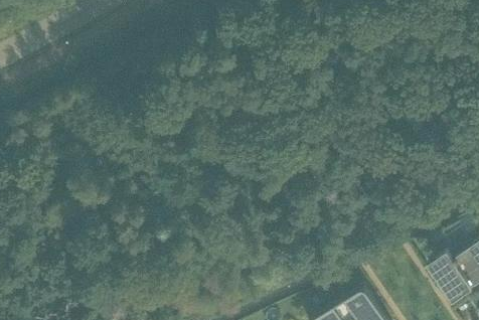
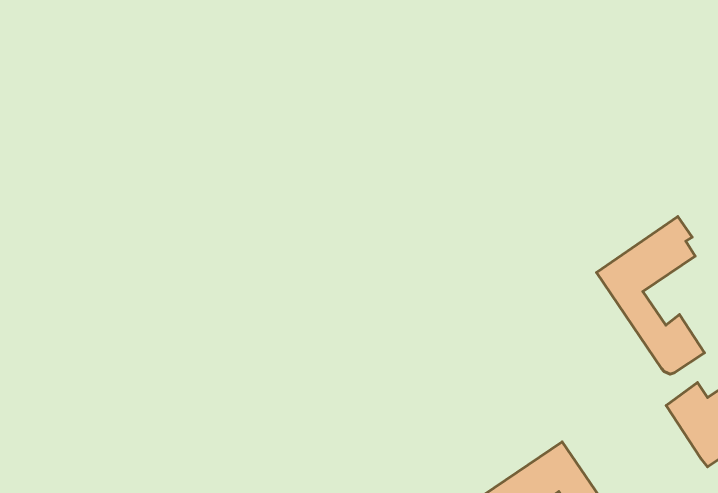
building: none -> [597,216,705,374]

